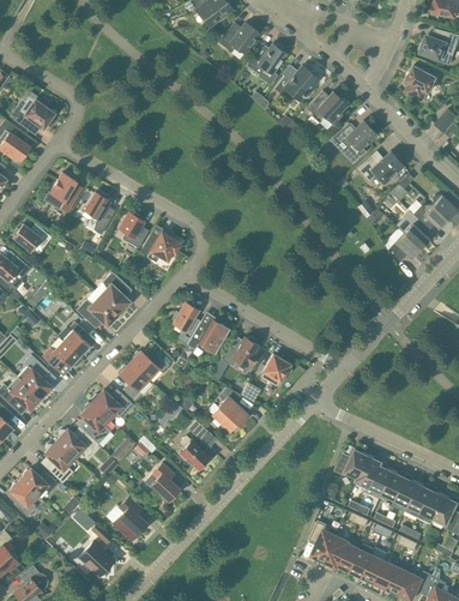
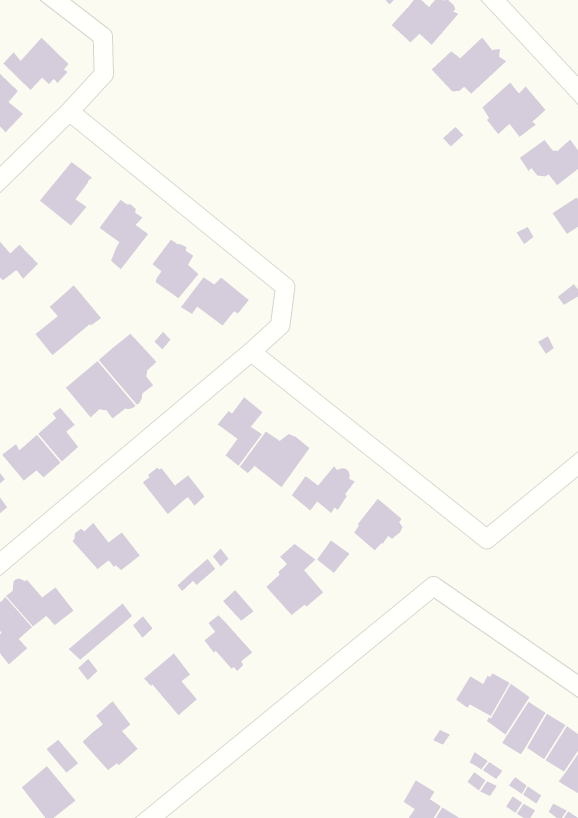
building: none -> [35,285,102,356]
building: [119,362,147,402] -> none
building: [80,403,110,445] -> none

